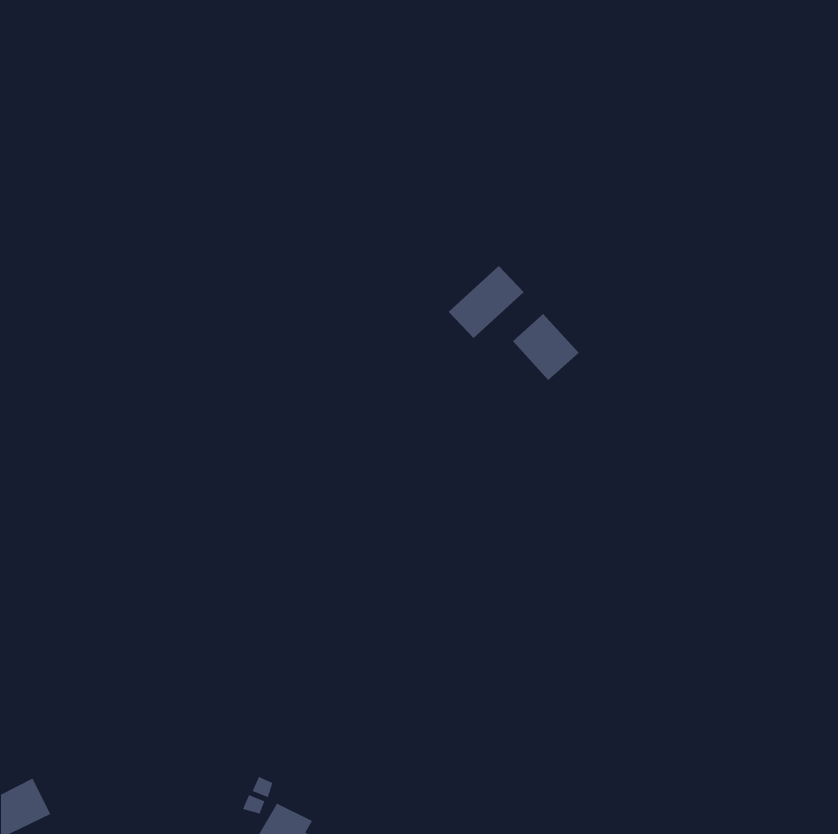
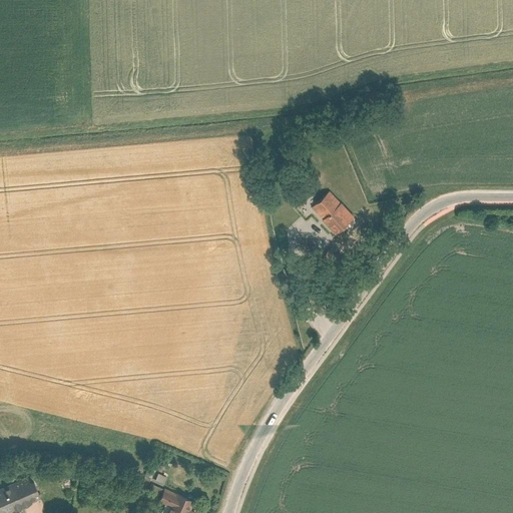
building: [448,265,524,339] -> none

